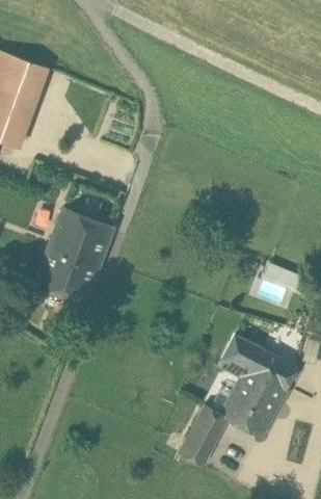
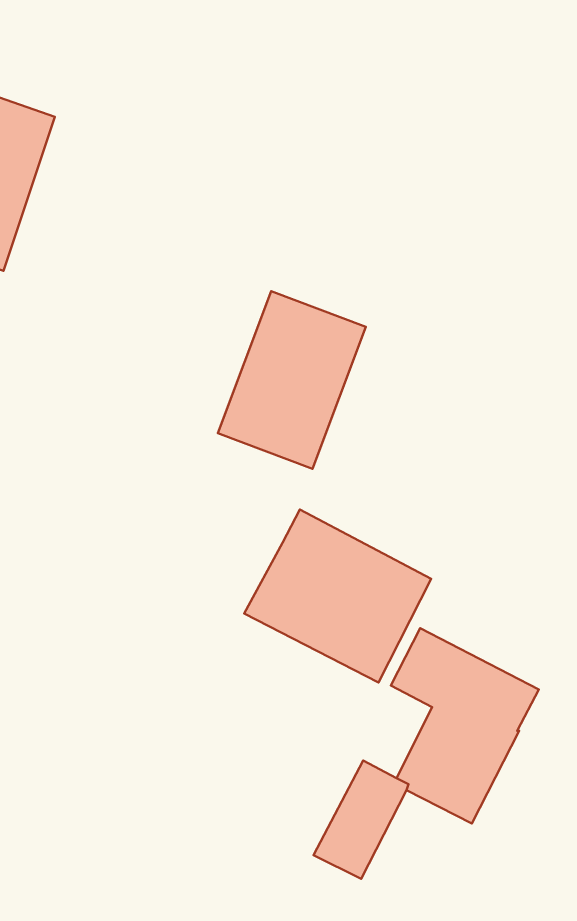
building: [35,209,113,303] -> [218,291,366,469]
building: none -> [244,509,431,682]

